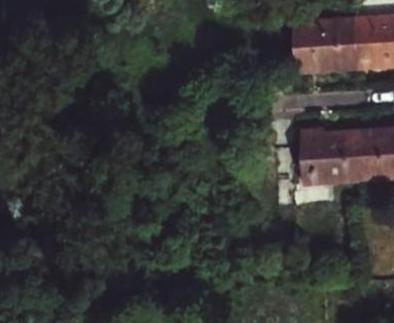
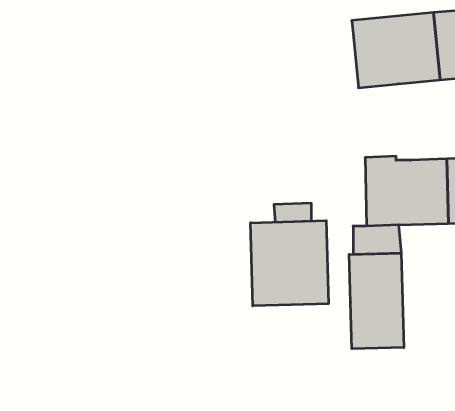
building: none -> [251,221,328,306]
building: none -> [349,253,404,349]

